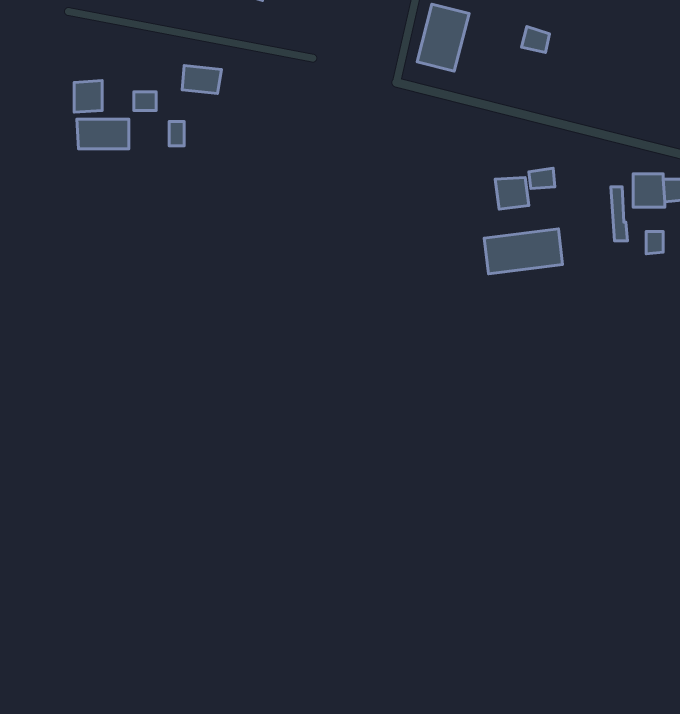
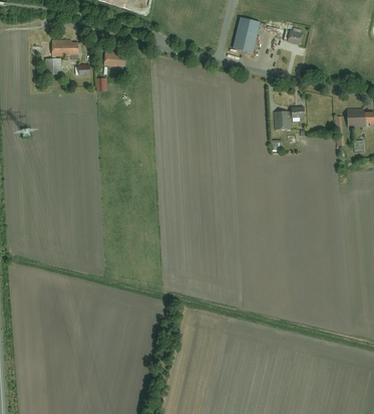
building: [77,119,129,149] -> [53,40,81,56]
building: [484,229,563,274] -> none

